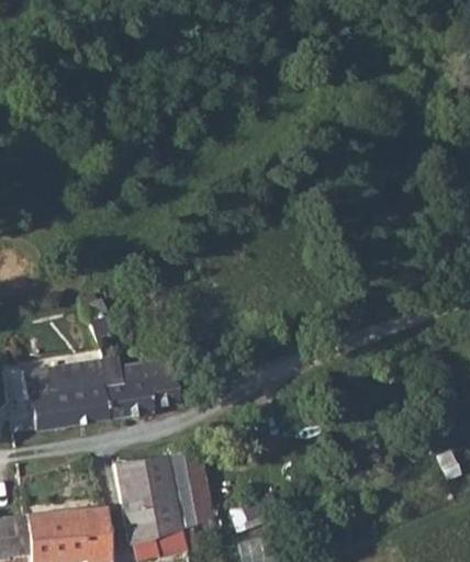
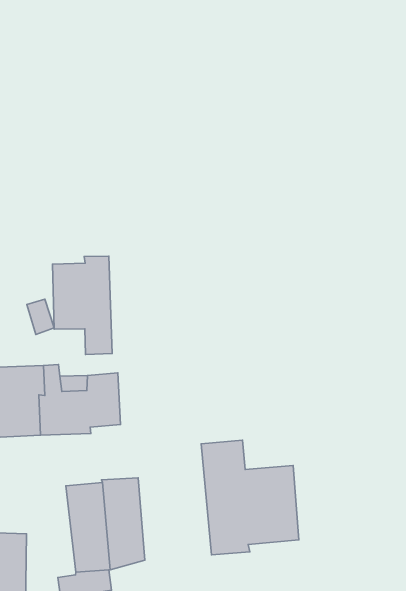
building: none -> [53,256,112,354]
building: none -> [201,440,299,555]
building: [116,462,154,546] -> none

